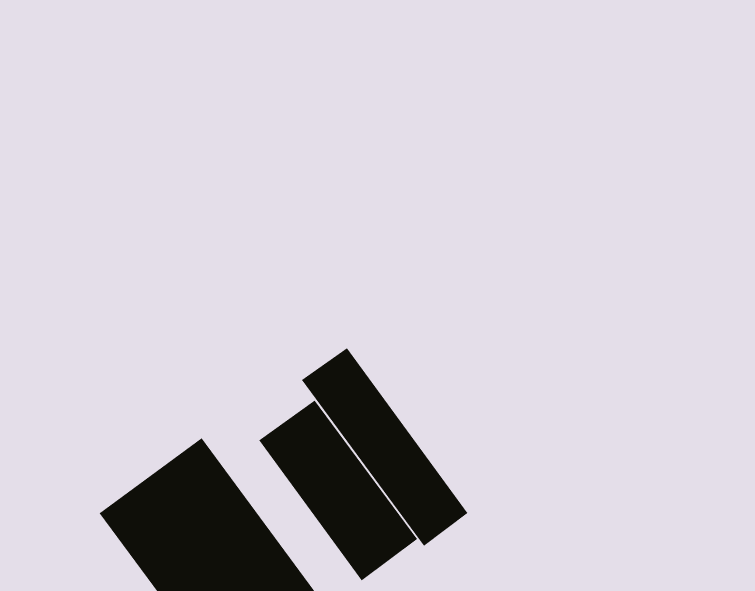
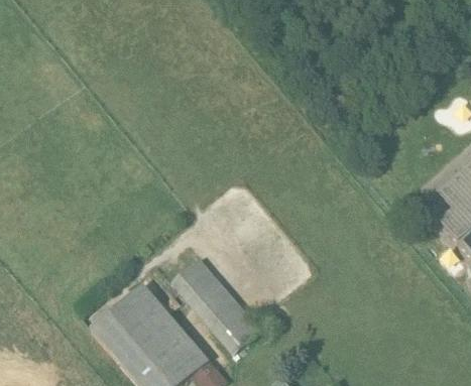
building: [301,347,468,547] -> none

